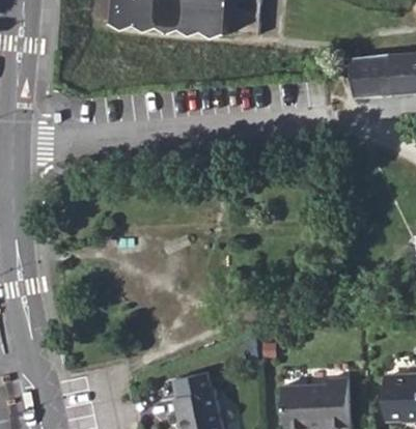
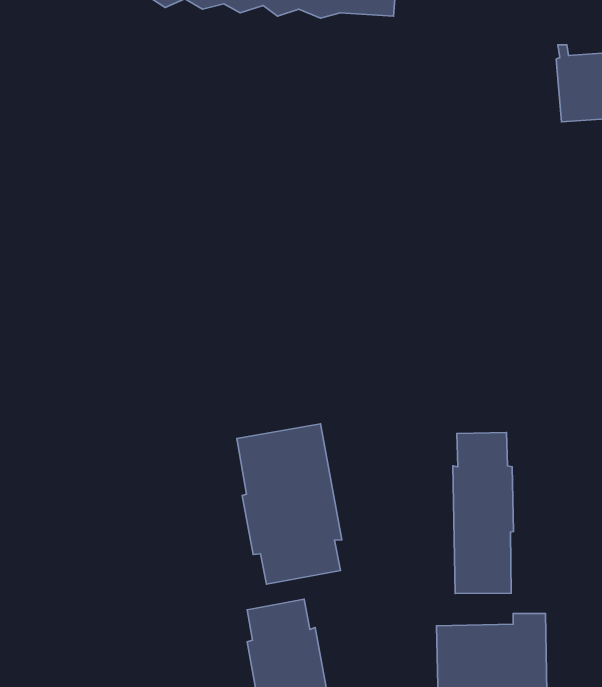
building: none -> [237,424,342,584]
building: none -> [453,433,513,594]

